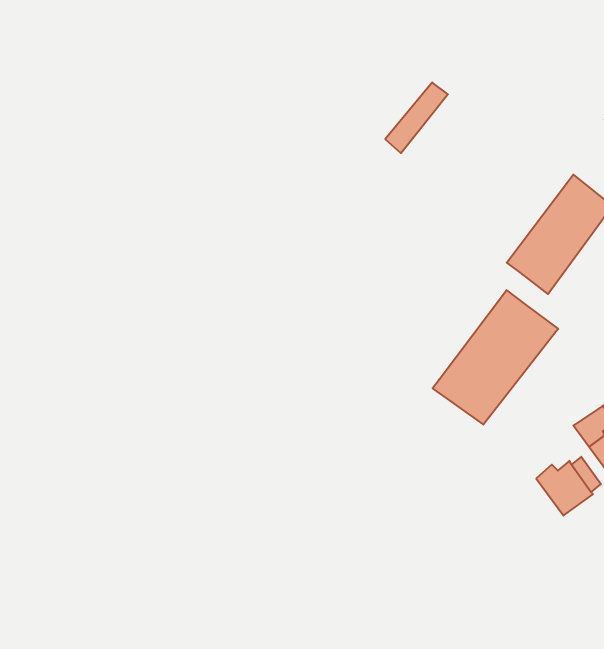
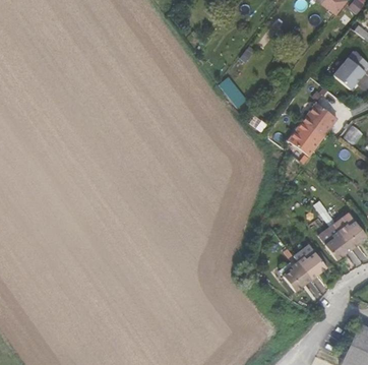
building: [433,290,558,425] -> none
building: none -> [283,259,311,290]

